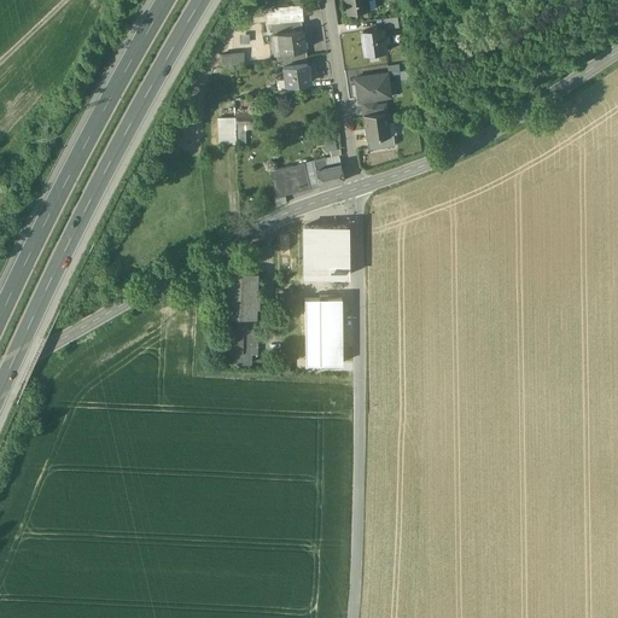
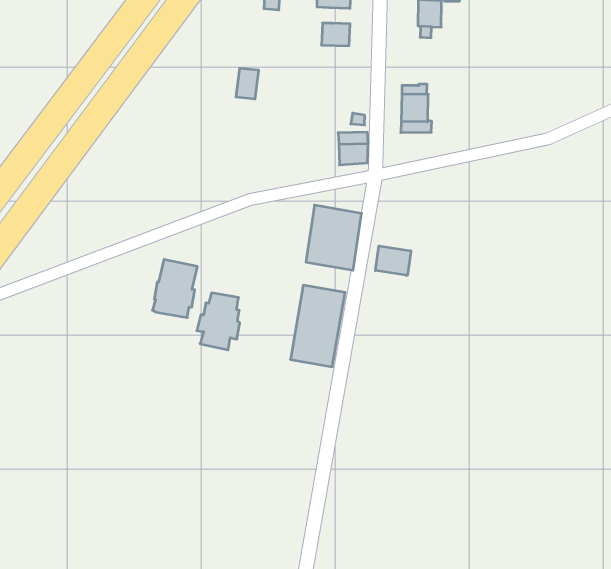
building: [356,75,392,103] -> none
building: [273,164,310,197] -> none
building: none -> [375,246,411,275]
building: [225,272,258,319] -> [152,259,197,318]

